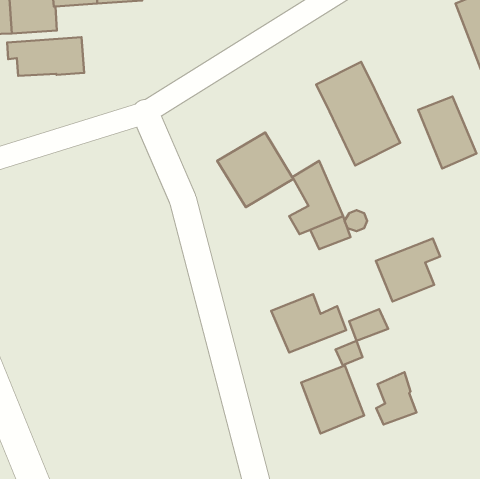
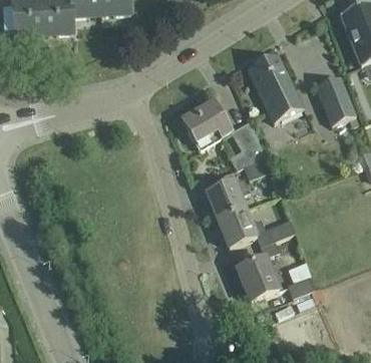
building: [7,37,84,76] -> none
building: [376,238,440,301] -> [206,177,249,220]

